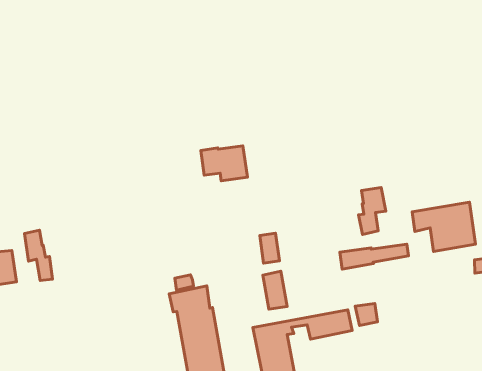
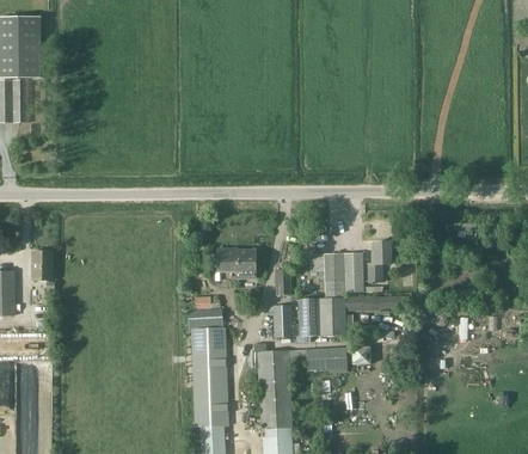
building: [201,146,247,181] -> [217,249,256,278]
building: [412,202,475,251] -> [311,253,363,293]
building: [25,230,52,280] -> none
building: none -> [296,297,345,336]

